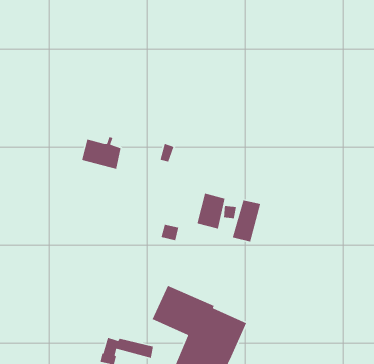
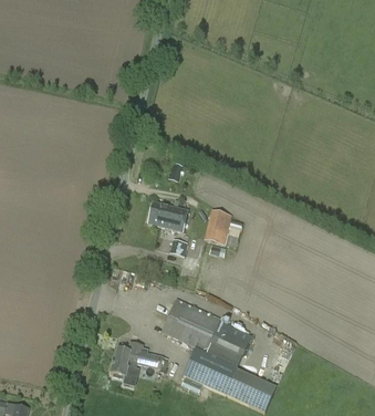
building: [81,136,122,170] -> [148,200,187,232]
building: [232,199,261,243] -> none

